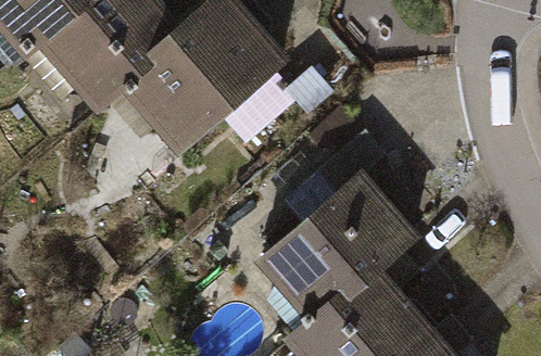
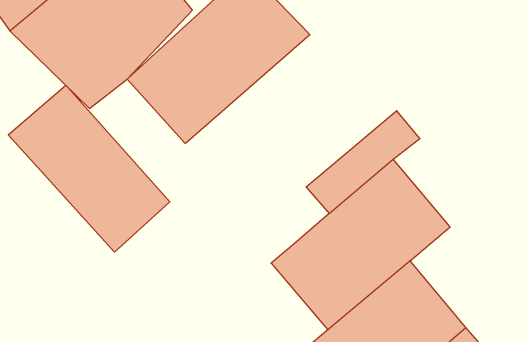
building: none -> [8,85,170,252]

